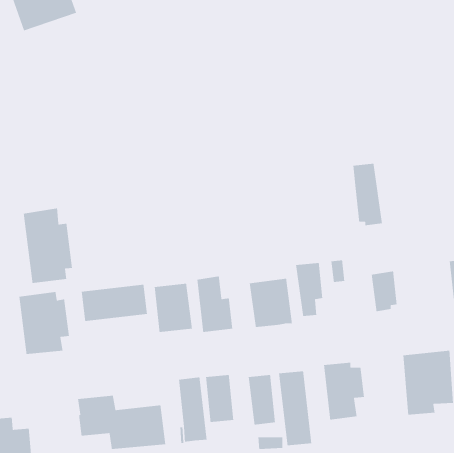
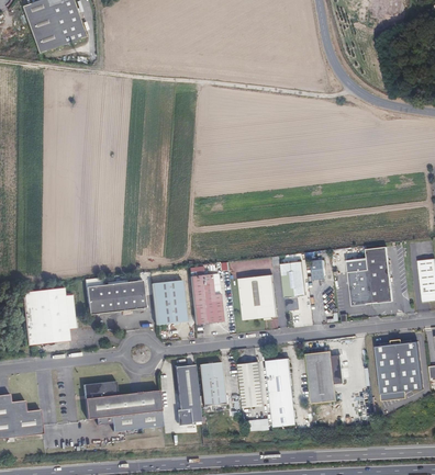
building: [352,163,383,226] -> [366,246,393,303]
building: [23,207,73,284] -> none

